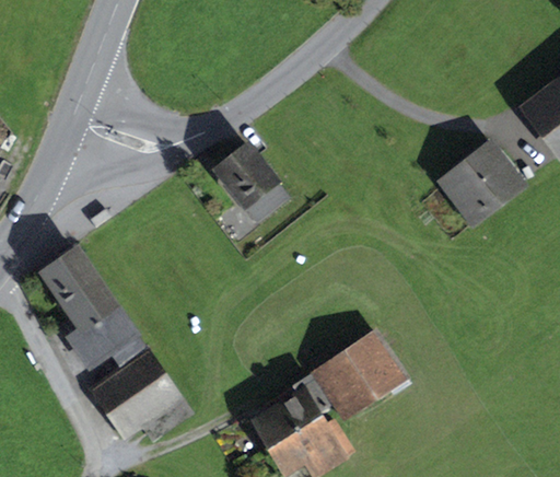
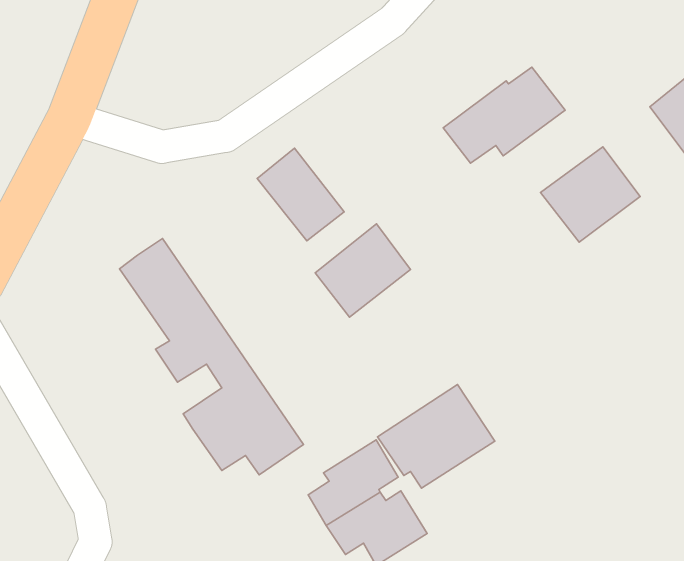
building: none -> [443,67,565,163]
building: none -> [315,224,411,317]
building: [42,249,187,437] -> [120,238,303,475]

